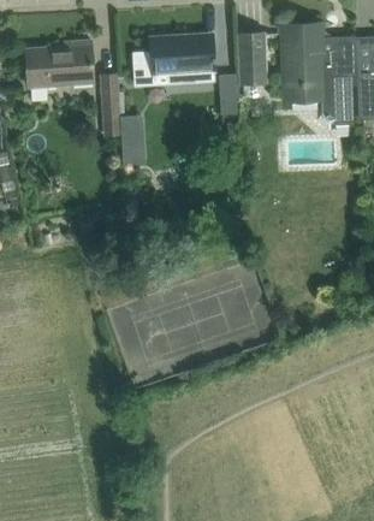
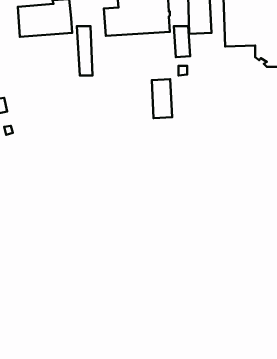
building: [119,114,144,162] -> [152,79,172,118]

